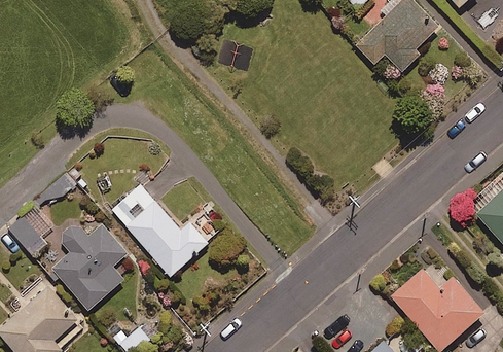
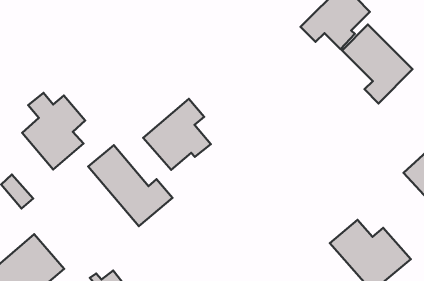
building: none -> [342,25,412,103]
building: none -> [143,99,211,170]
building: [52,222,125,311] -> [22,93,85,169]

